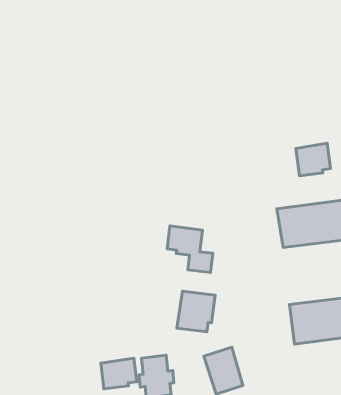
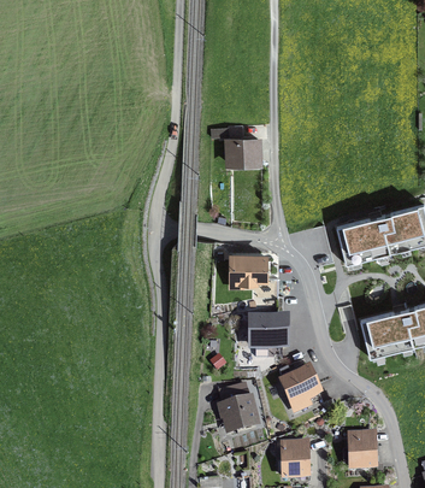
building: none -> [226,137,259,163]
building: [296,143,331,176] -> none
building: [101,358,137,389] -> none

